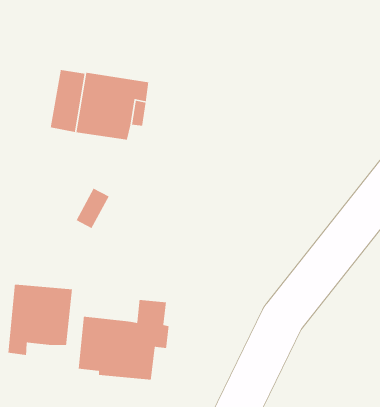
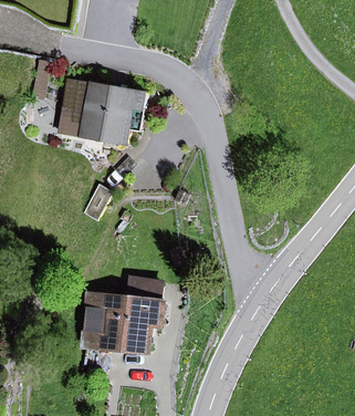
building: [8,284,73,356] -> none

